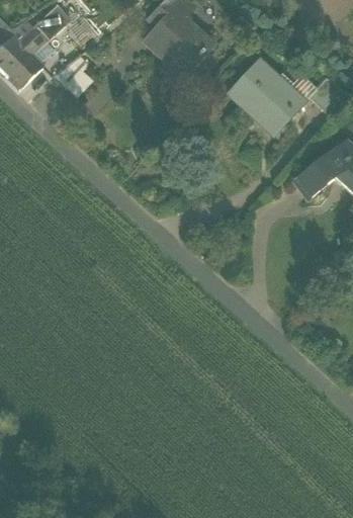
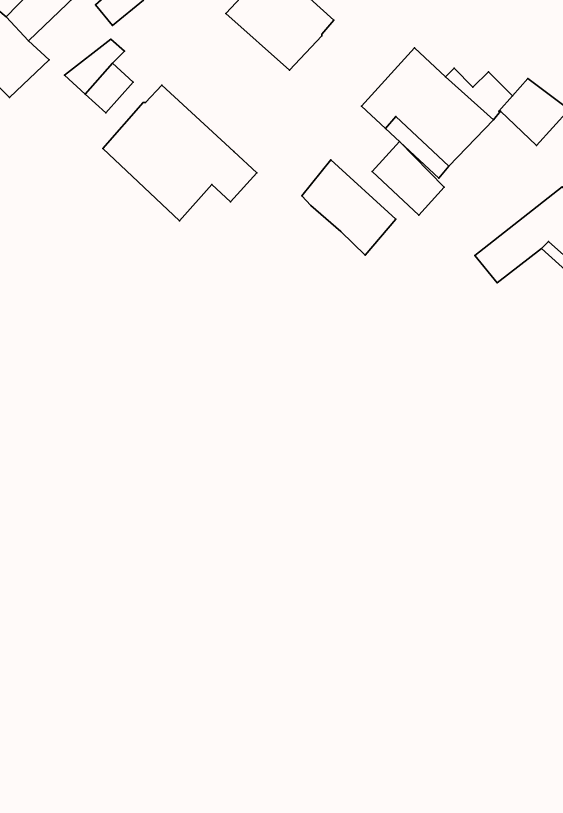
building: none -> [103,85,257,221]
building: none -> [372,142,444,215]
building: none -> [302,160,396,255]

